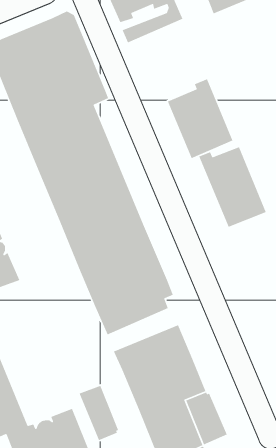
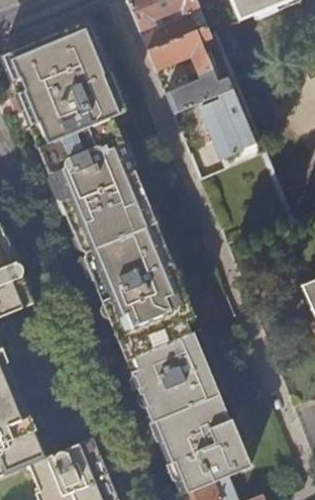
building: none -> [148,28,232,114]
building: [198,146,267,228] -> none
building: [78,385,119,441] -> none

